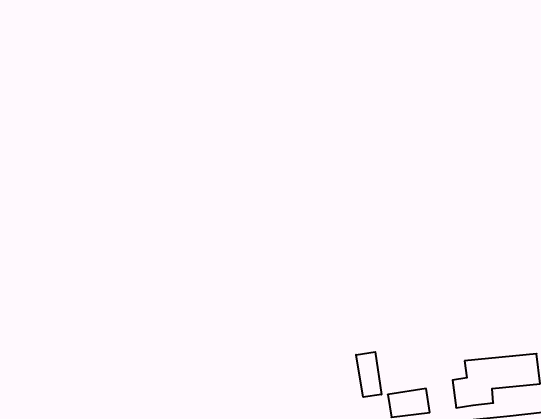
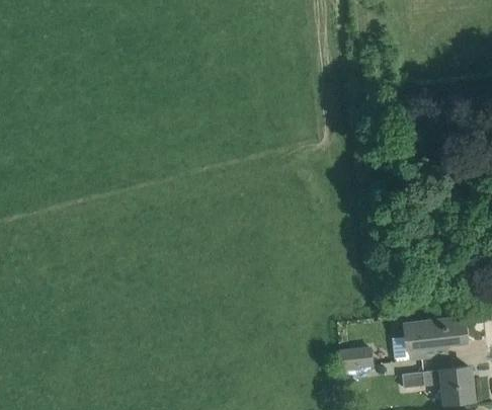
building: [356,352,381,397] -> none

